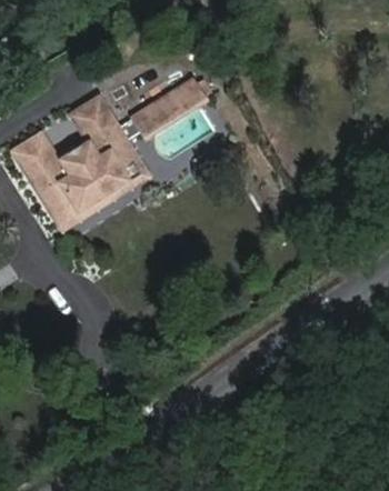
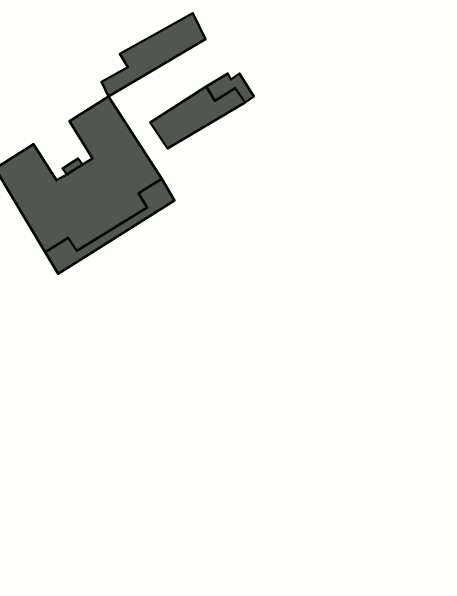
building: none -> [102,13,206,97]

